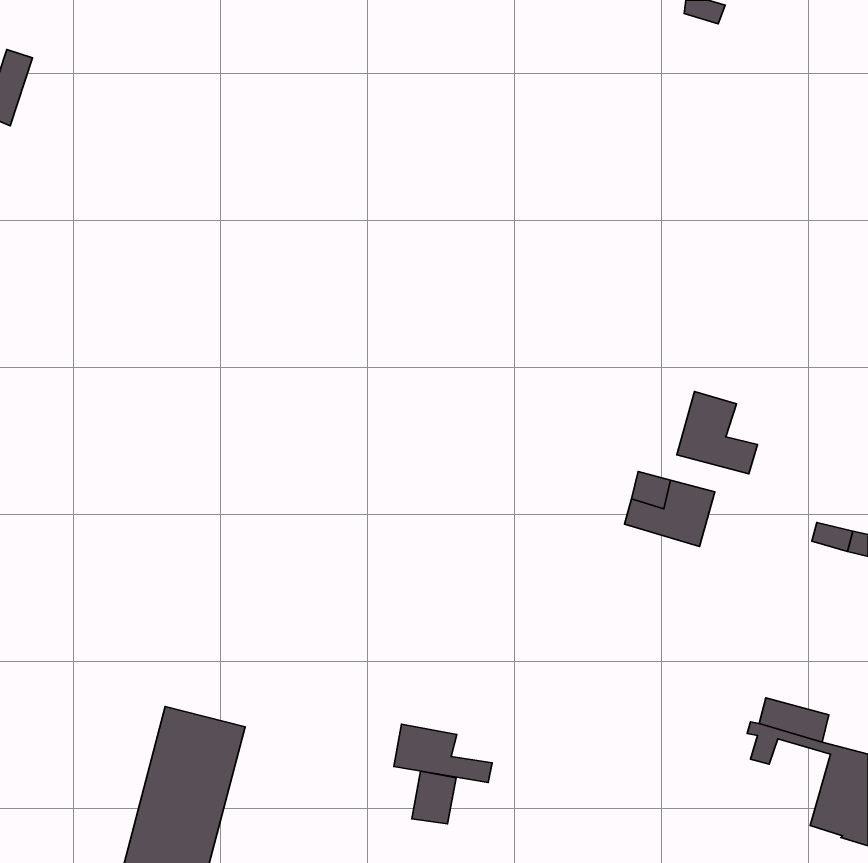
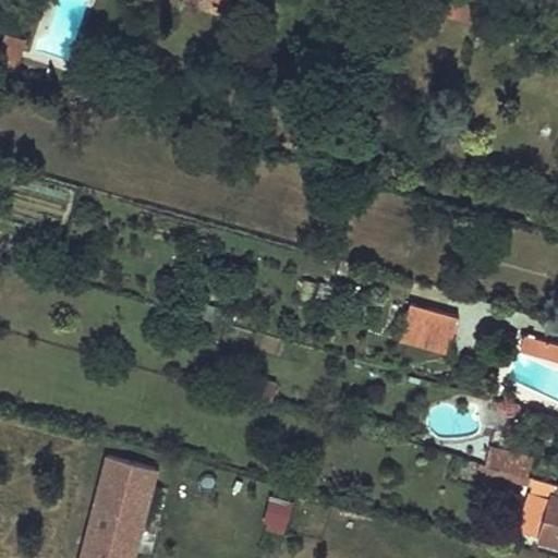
building: [677,392,757,474] -> none
building: [394,724,492,783] -> none

